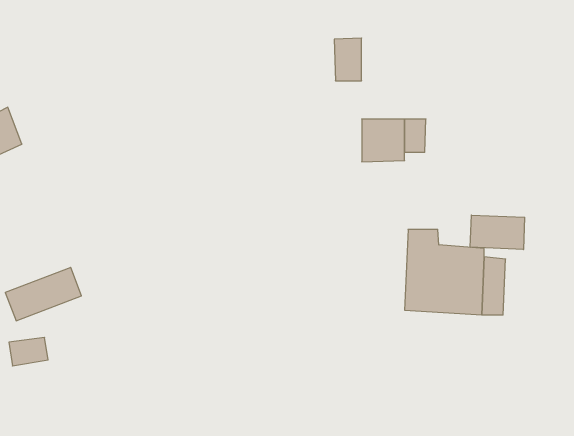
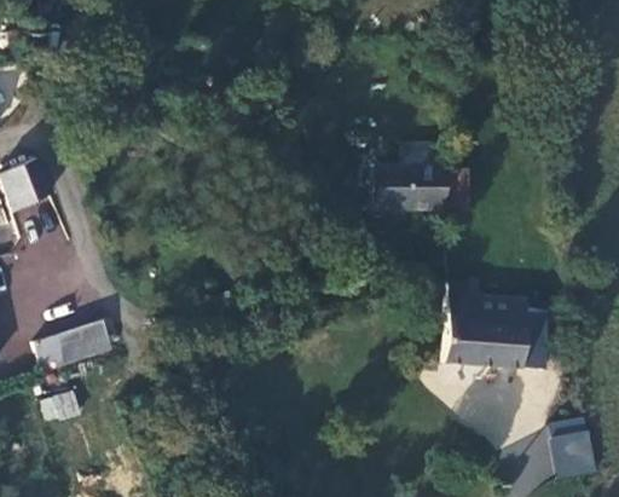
building: [334,38,362,81] -> [370,167,398,210]
building: [470,215,525,250] -> none
building: none -> [548,415,595,475]

